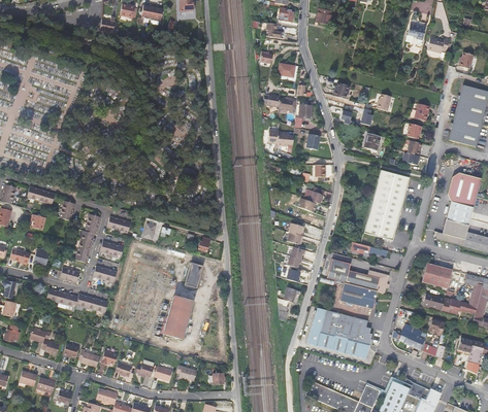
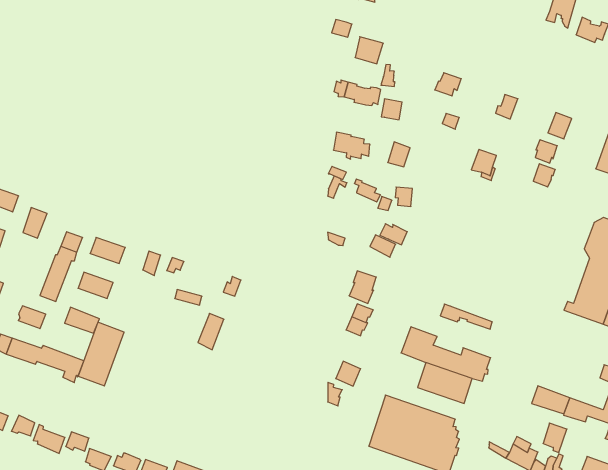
building: [363,169,410,240] -> none
building: [422,263,452,287] -> none
building: [163,296,192,339] -> [78,322,124,386]

